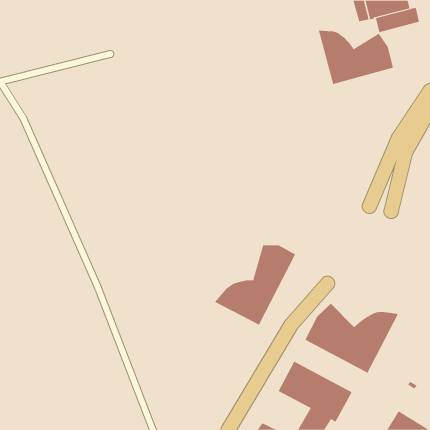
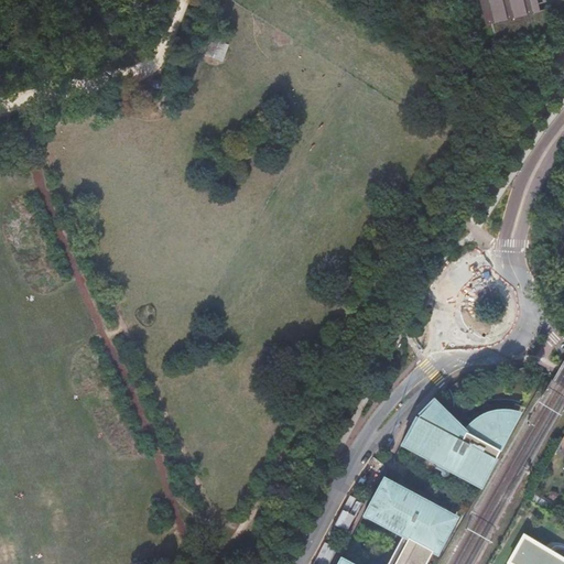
building: [318,30,394,85] -> none
building: [214,244,296,326] -> none

